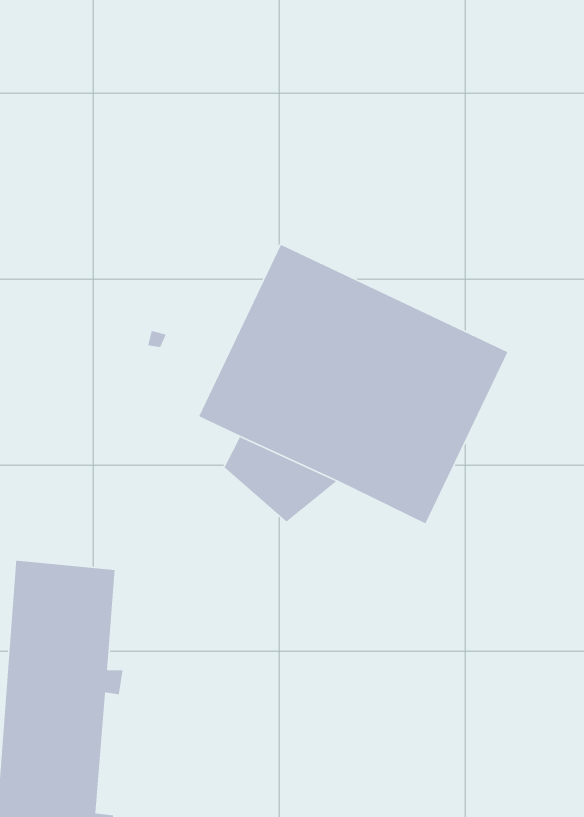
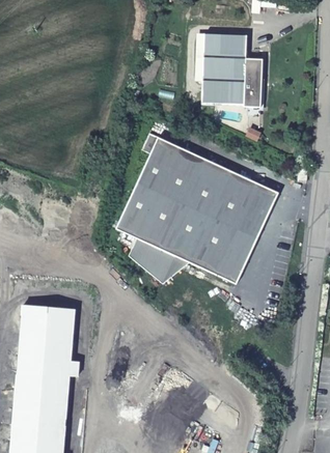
building: none -> [208,35,266,106]

